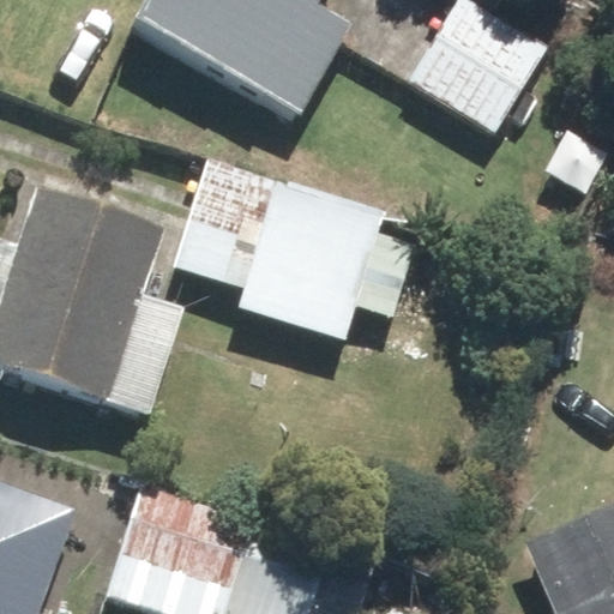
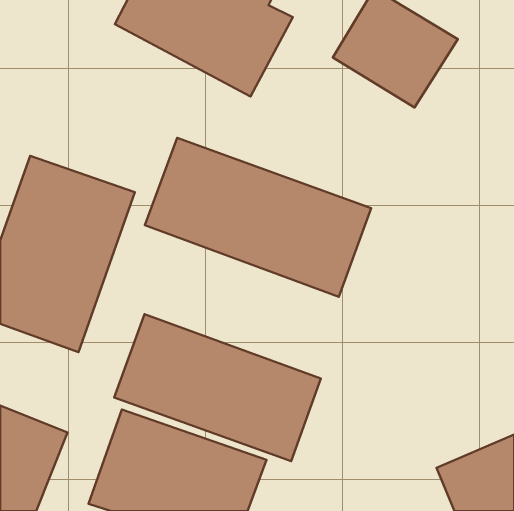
building: none -> [114,314,321,461]

